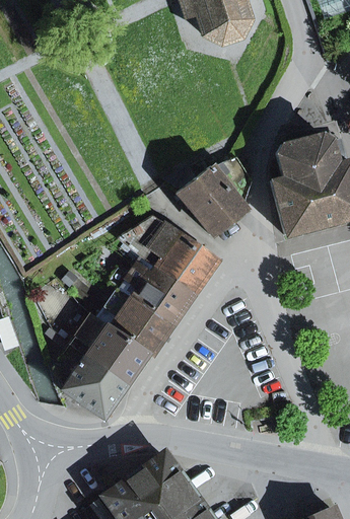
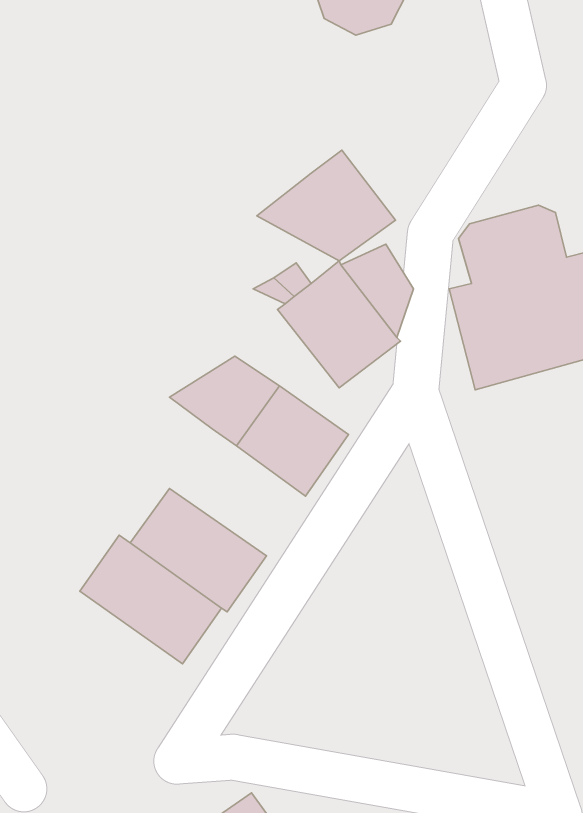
building: none -> [257,150,396,261]
building: [120,257,194,326] -> none
building: [57,346,127,419] -> none

